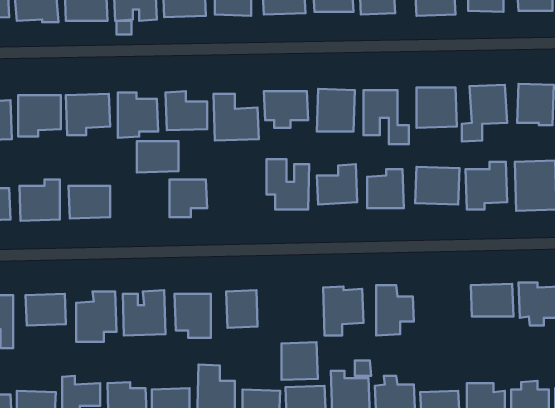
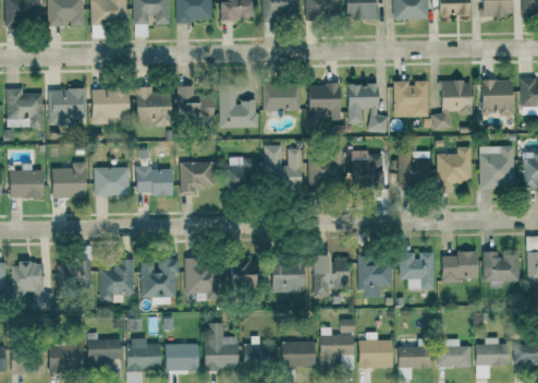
building: [137,141,178,173] -> [136,167,172,194]
building: none -> [227,156,256,187]
building: none -> [400,251,435,289]
building: [281,342,318,380] -> [272,260,304,292]

